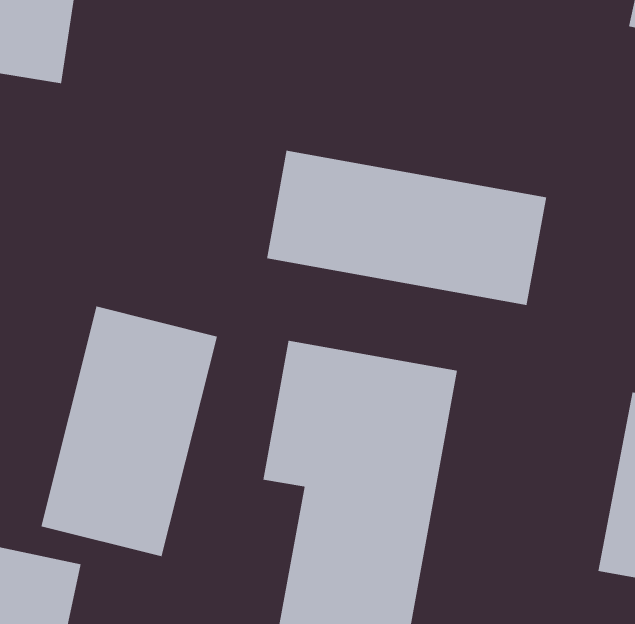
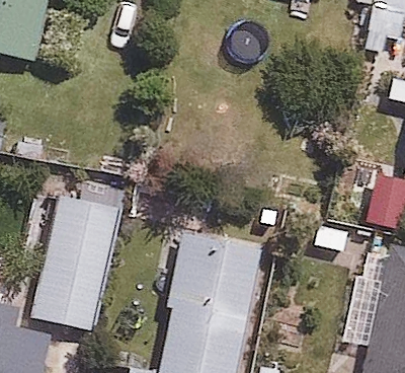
building: [266,150,547,306] -> none

